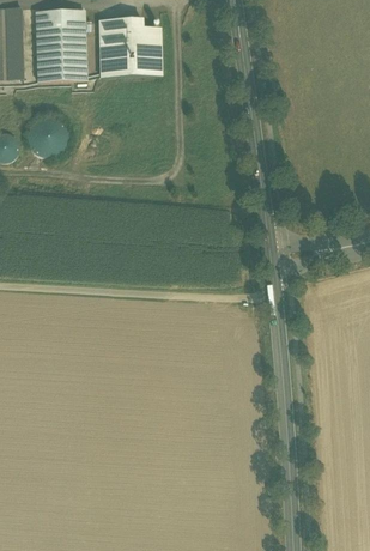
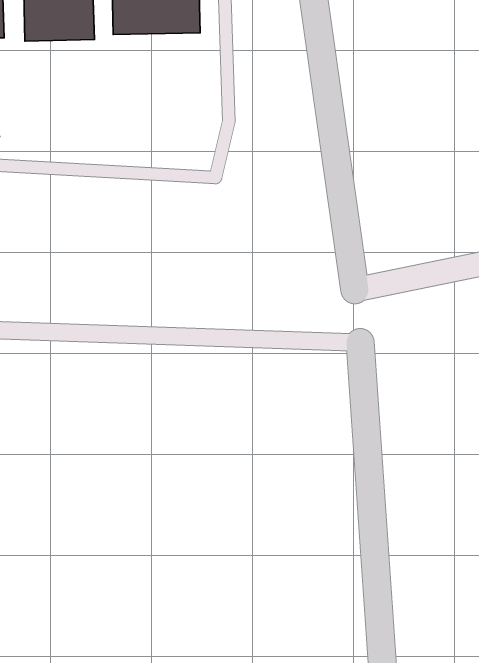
building: [25,114,67,155] -> none

